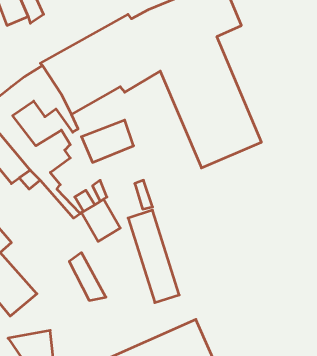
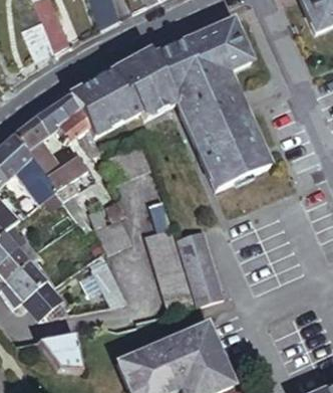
building: none -> [177,227,225,305]

